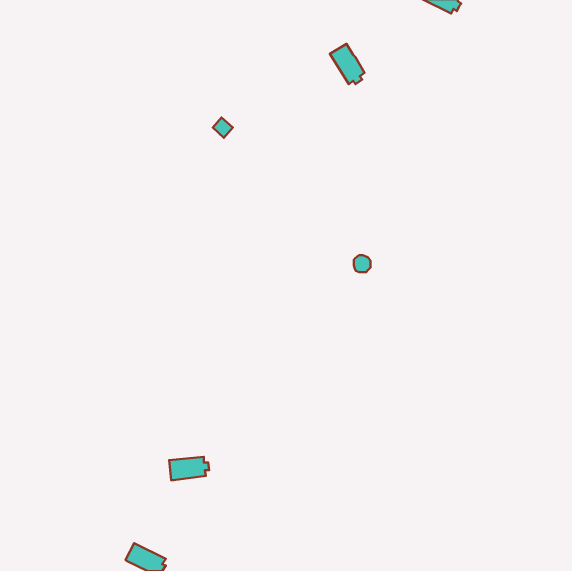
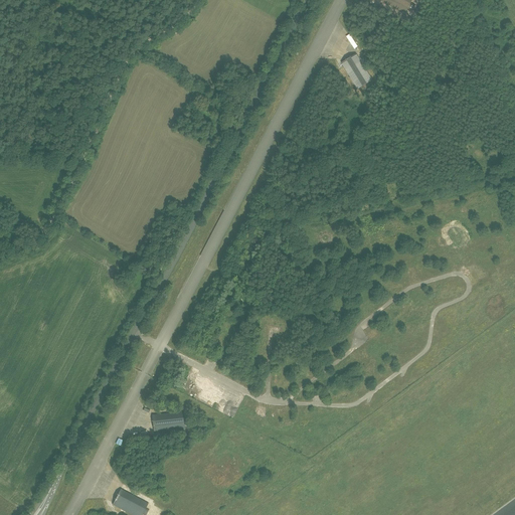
building: [330,44,364,84] -> [341,52,372,89]

